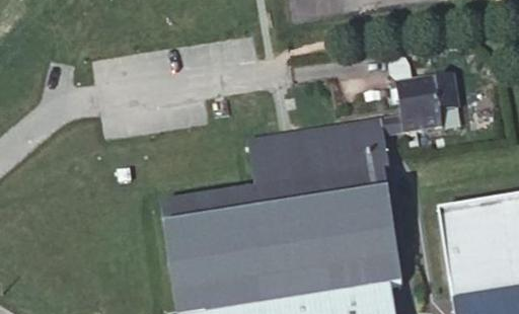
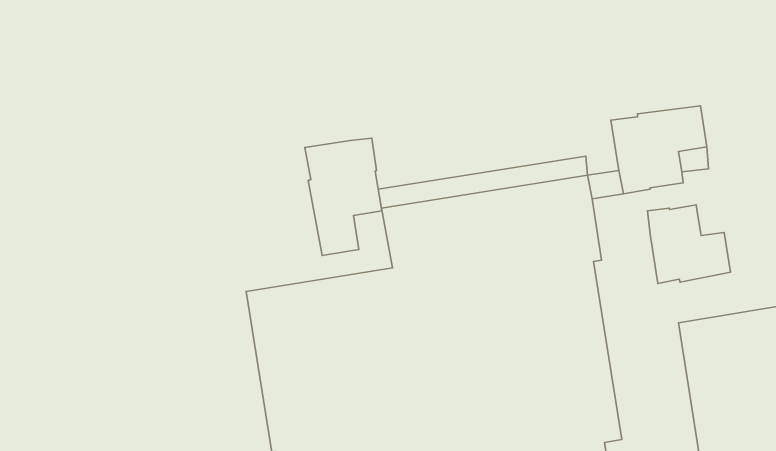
building: none -> [305,138,382,256]
building: none -> [647,205,730,283]

